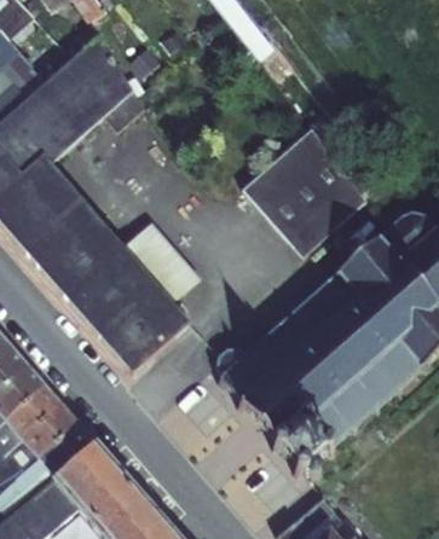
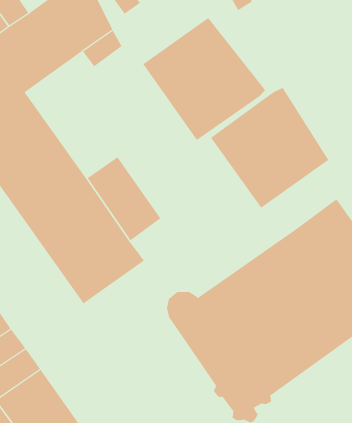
building: none -> [142,17,266,141]

